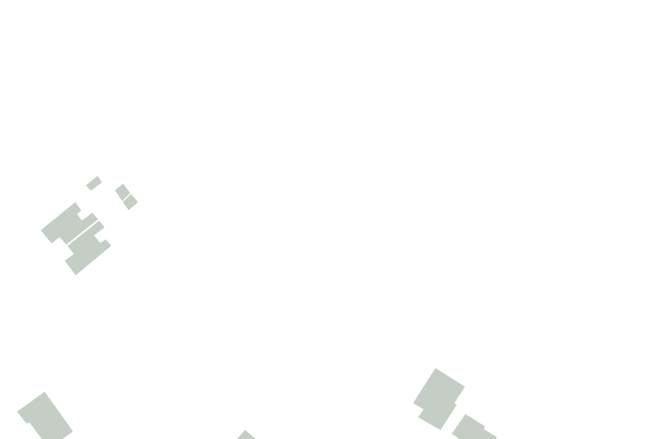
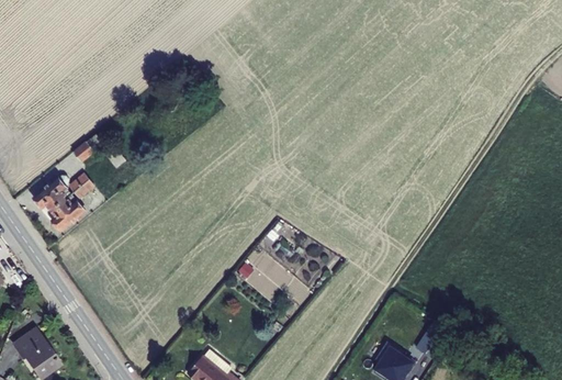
building: [412,367,466,431] -> none

